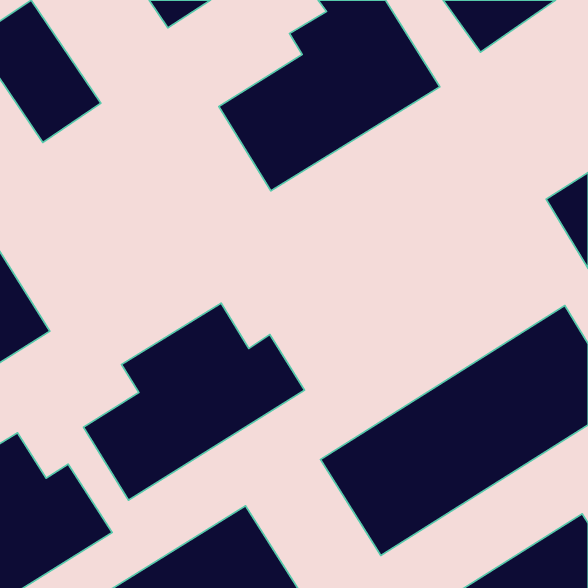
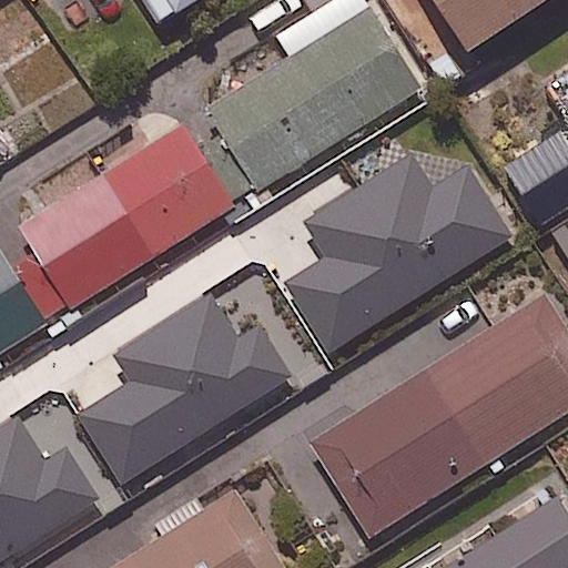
building: none -> [21,124,234,316]
building: none -> [282,154,509,354]

